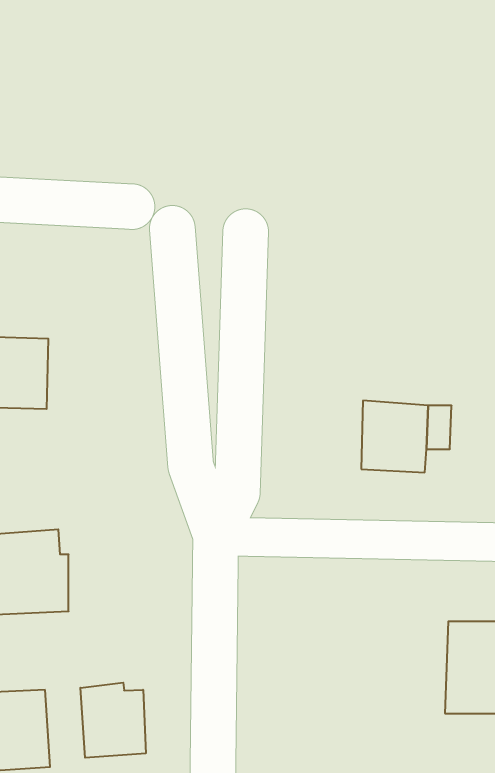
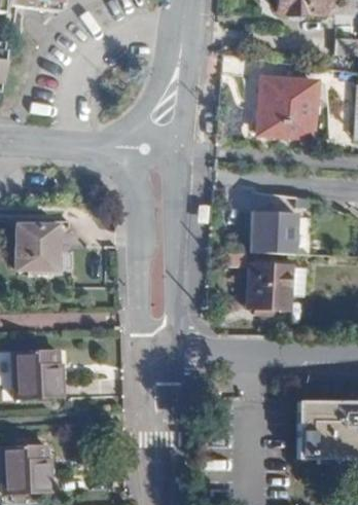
building: none -> [257,80,310,136]
building: none -> [243,214,290,257]
building: [80,683,146,758] -> none

